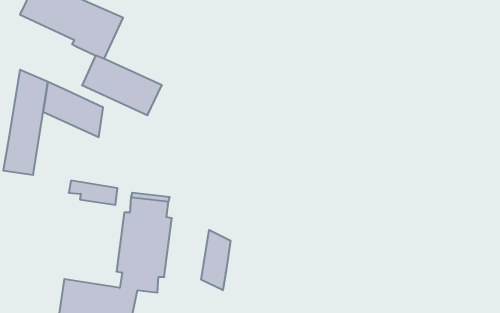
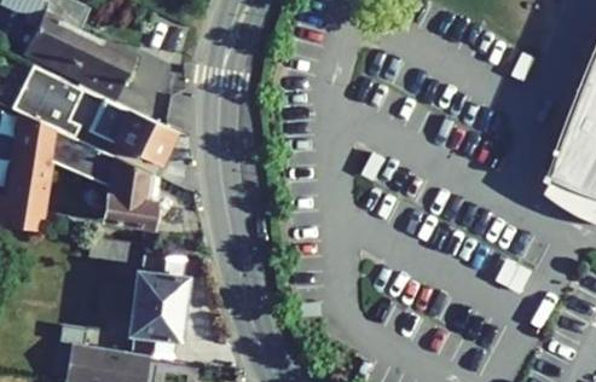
building: none -> [11,65,83,138]
building: none -> [103,156,157,228]
building: [201,230,230,290] -> none

